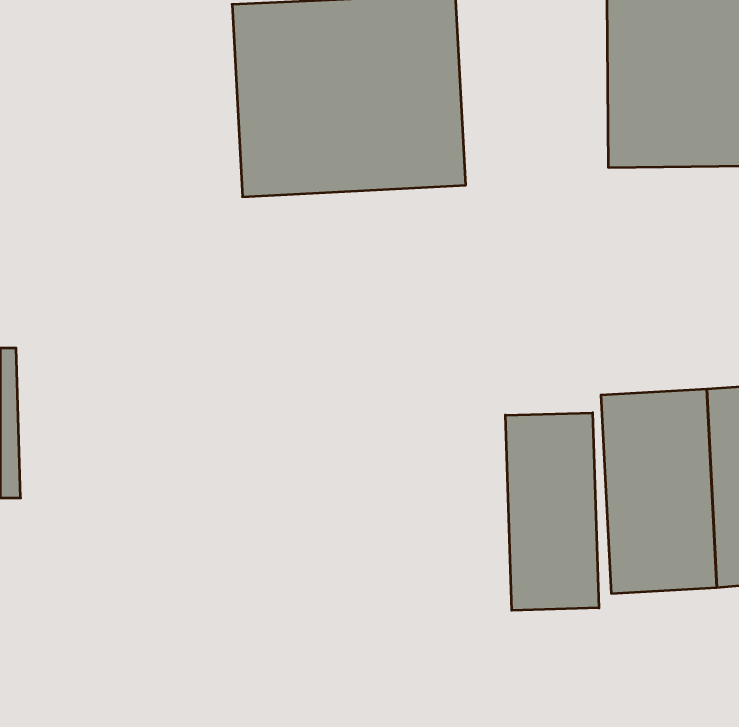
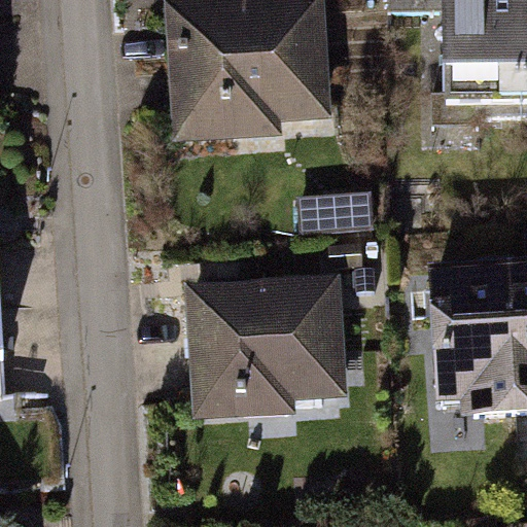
building: none -> [183,281,347,418]
building: [505,413,599,610] -> none

